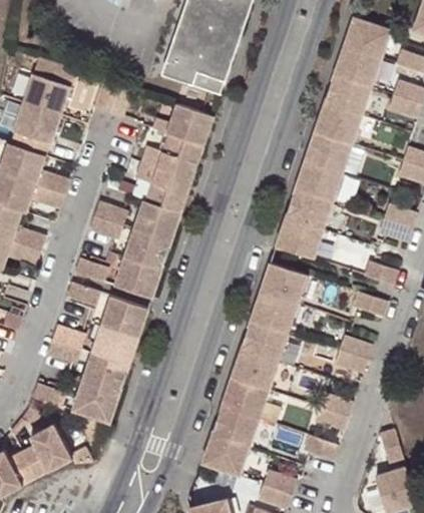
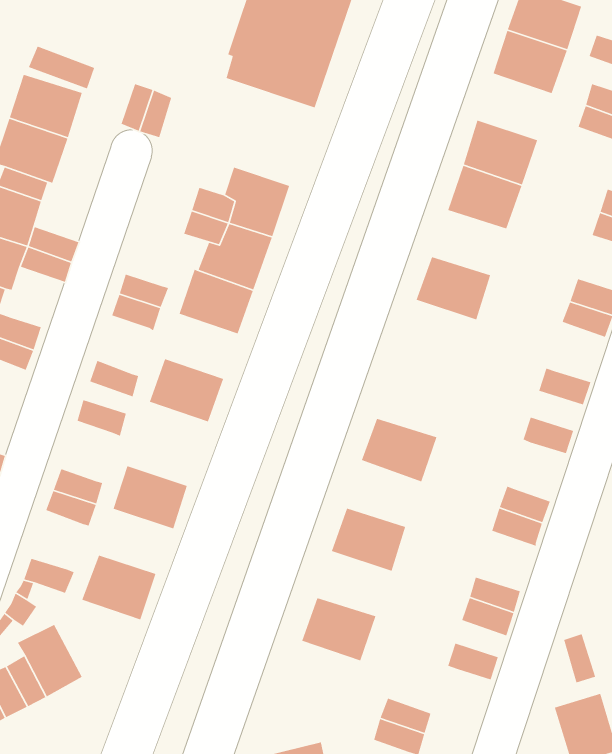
building: [323,73,371,115] -> none
building: [153,104,213,144] -> none
building: [294,160,342,201] -> none
building: [275,217,323,259] -> none
building: [123,226,170,268] -> none
building: [259,263,308,305] -> none
building: [99,294,148,336] -> none
building: [240,320,288,362] -> none
building: [81,351,129,392] -> none
building: [221,378,269,419] -> none
building: [200,435,249,477] -> none

